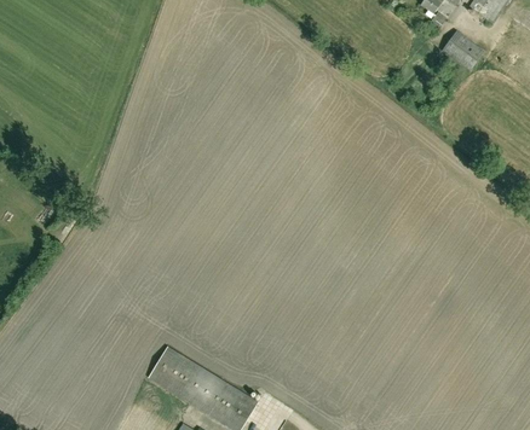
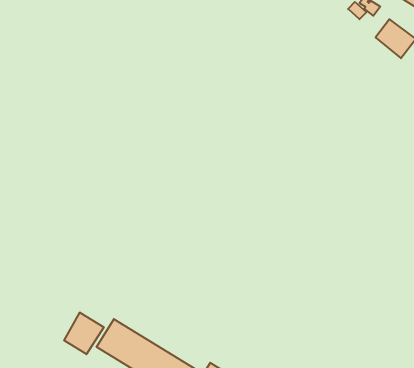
building: none -> [64,312,104,354]

